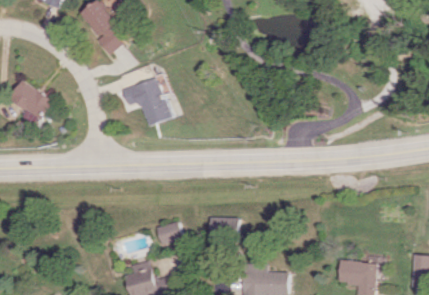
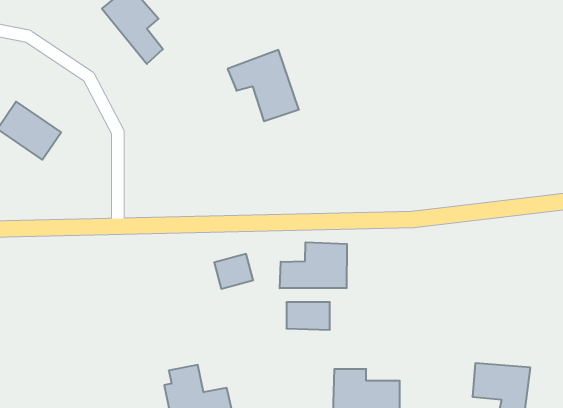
building: [121,77,170,126] -> [228,50,299,121]
building: none -> [280,242,347,288]
building: [155,221,182,245] -> [214,254,253,289]

